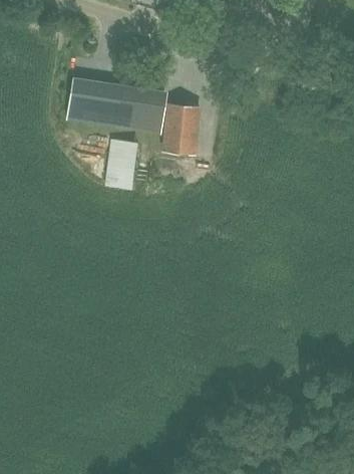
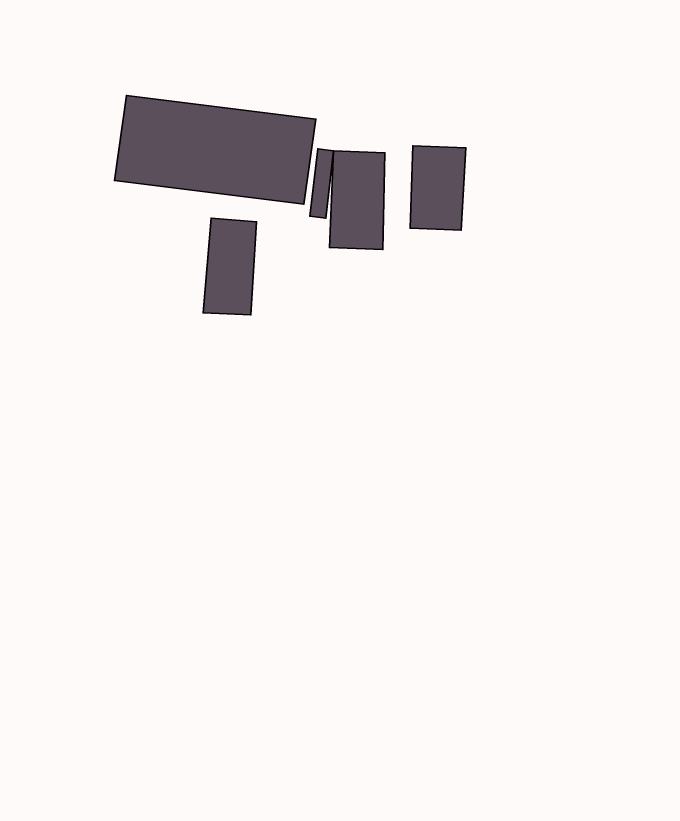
building: none -> [410,146,466,230]

